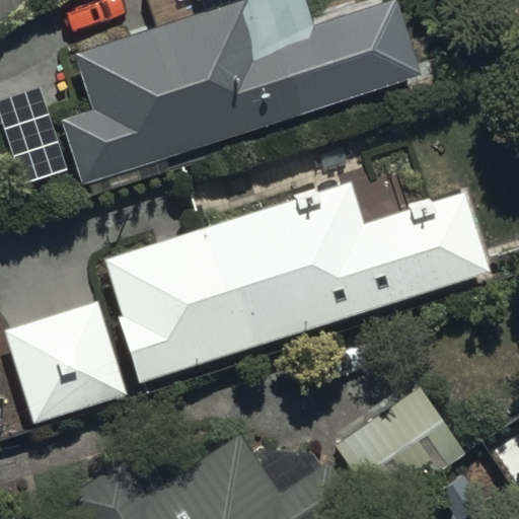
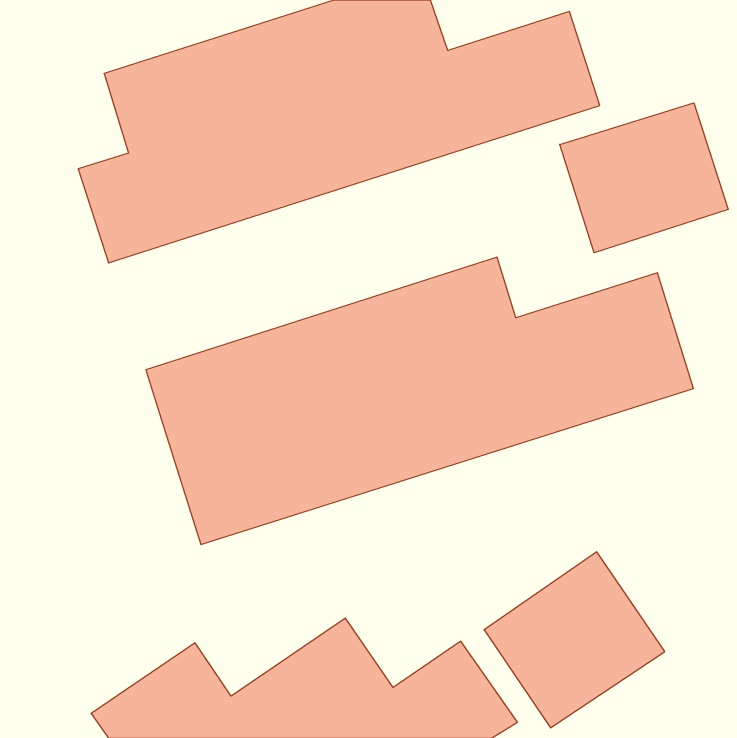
building: none -> [560,103,728,253]
building: [5,304,125,421] -> none

